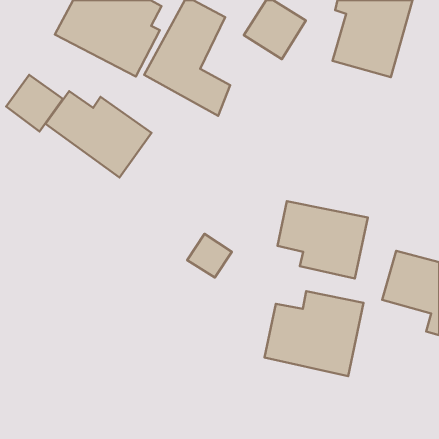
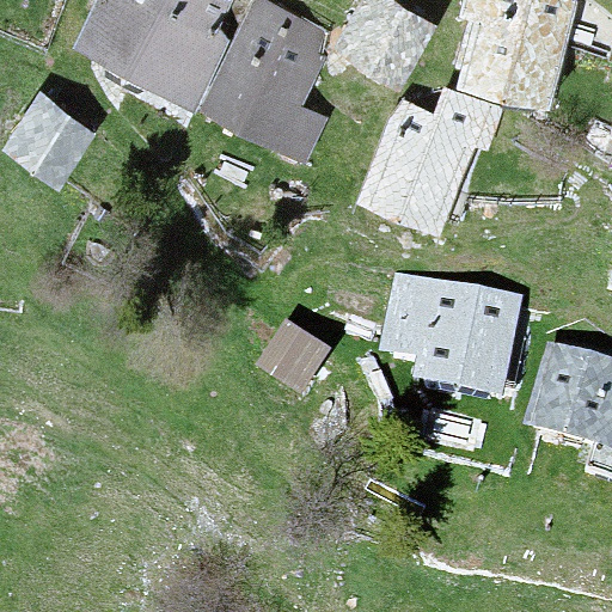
building: none -> [363,94,482,227]
building: [46,91,152,178] -> none
building: [264,291,364,376] -> none

